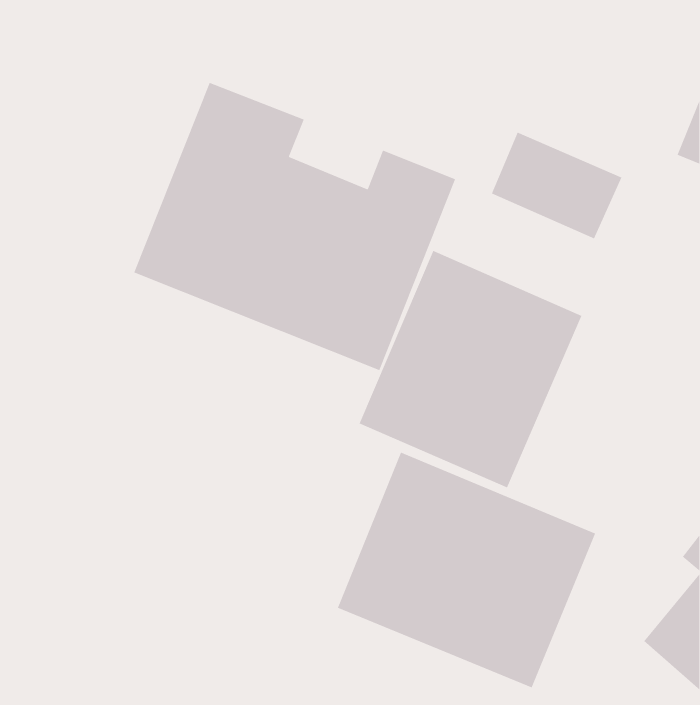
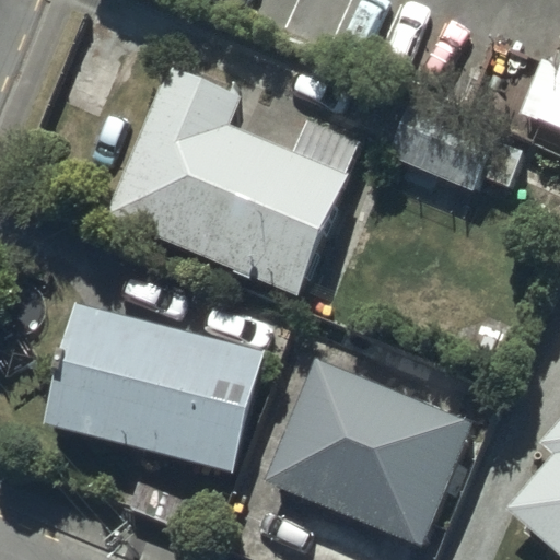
building: [359,250,583,489] -> none
building: none -> [43,302,265,471]

